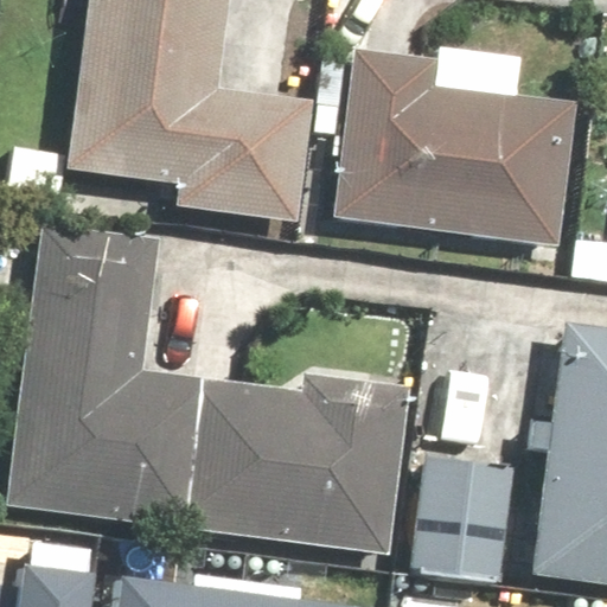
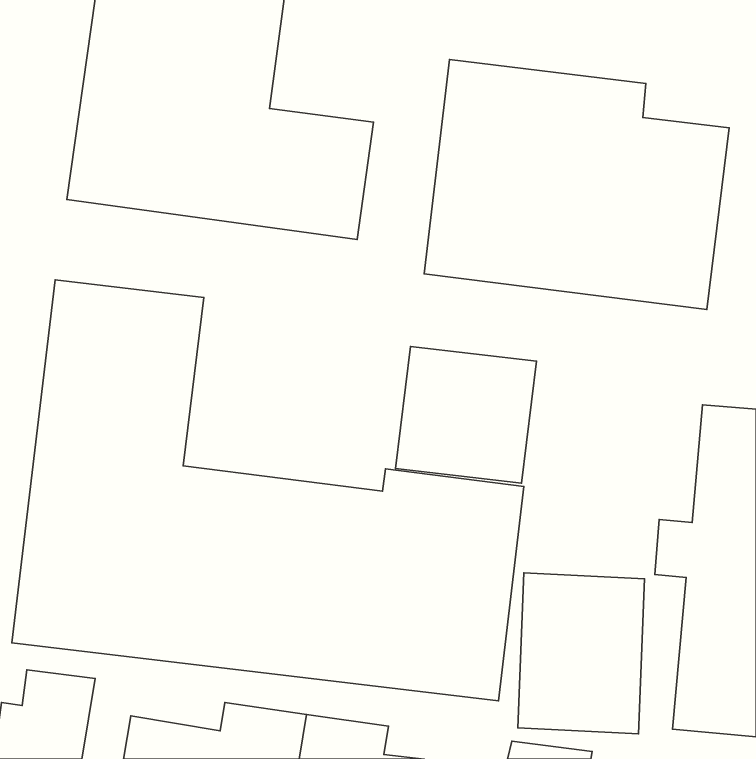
building: none -> [395,347,536,483]

